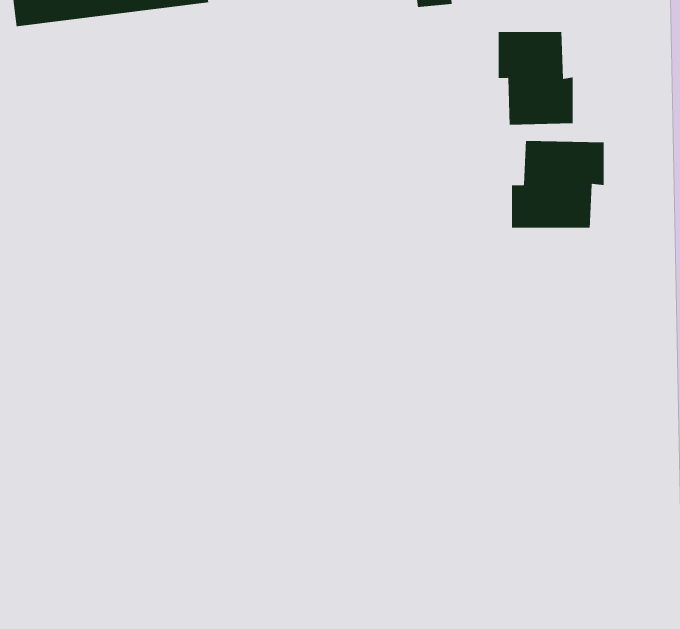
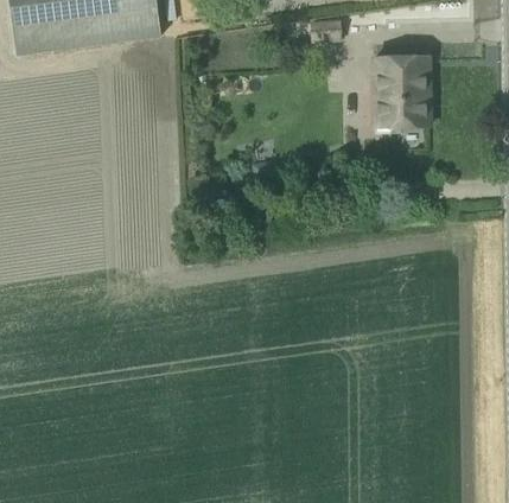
building: [512,140,604,229] -> none

